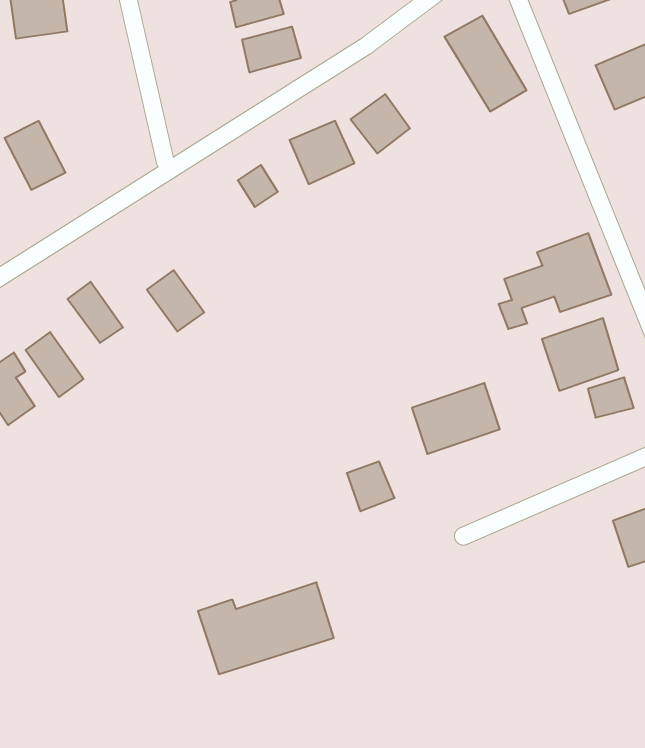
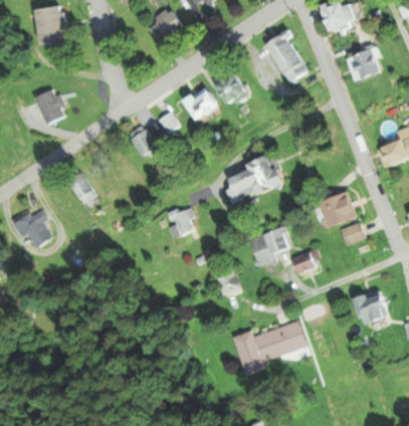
building: [242,27,301,73] -> none
building: [499,233,611,329] -> [227,154,286,204]
building: [147,270,204,331] -> [128,127,158,159]
building: [26,332,83,397] -> none
building: none -> [165,206,193,238]
building: none -> [291,251,317,273]
building: [198,582,334,674] -> [234,321,305,369]

